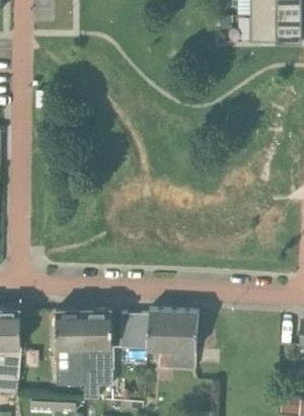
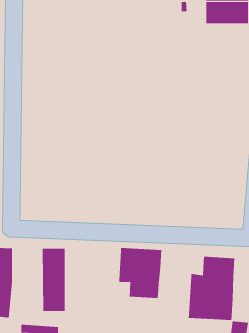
building: [84,309,112,399] -> none
building: [119,313,149,348] -> none
building: none -> [188,256,235,321]

